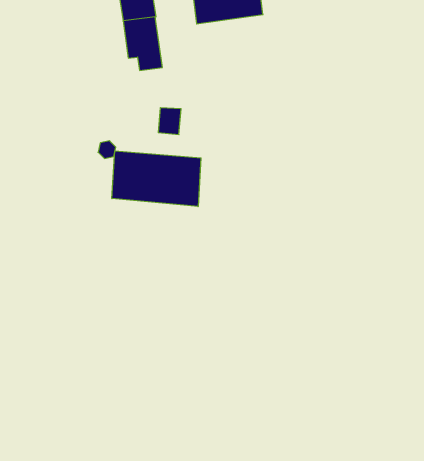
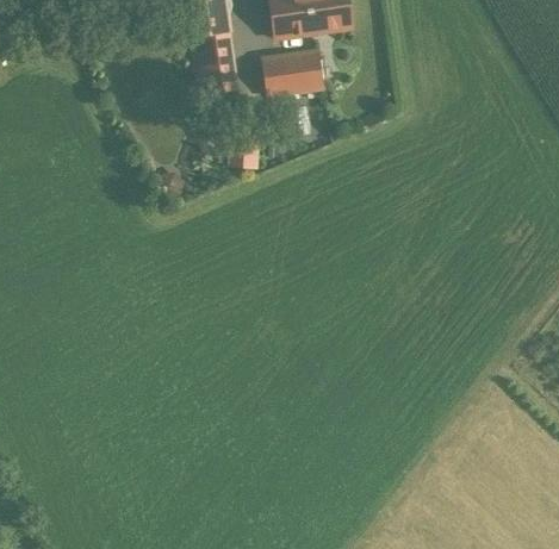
building: none -> [262,50,324,96]
building: [112,151,201,207] -> none

